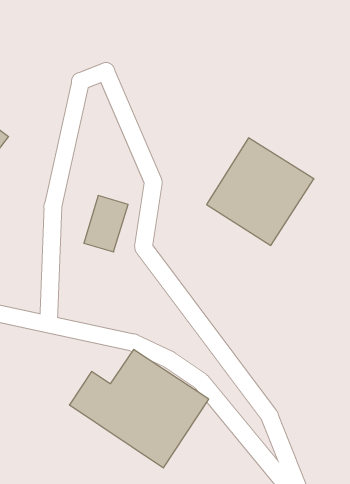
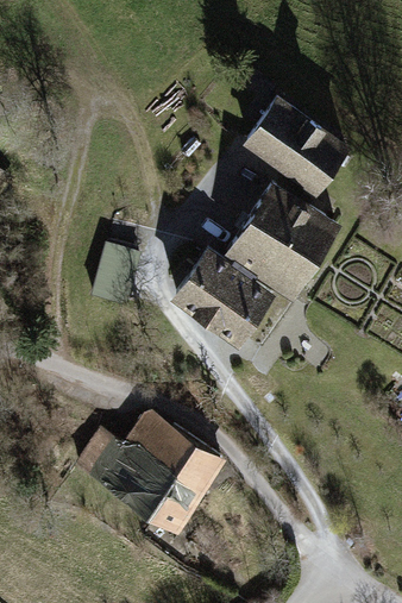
building: none -> [240,96,351,199]
building: none -> [171,251,275,347]

